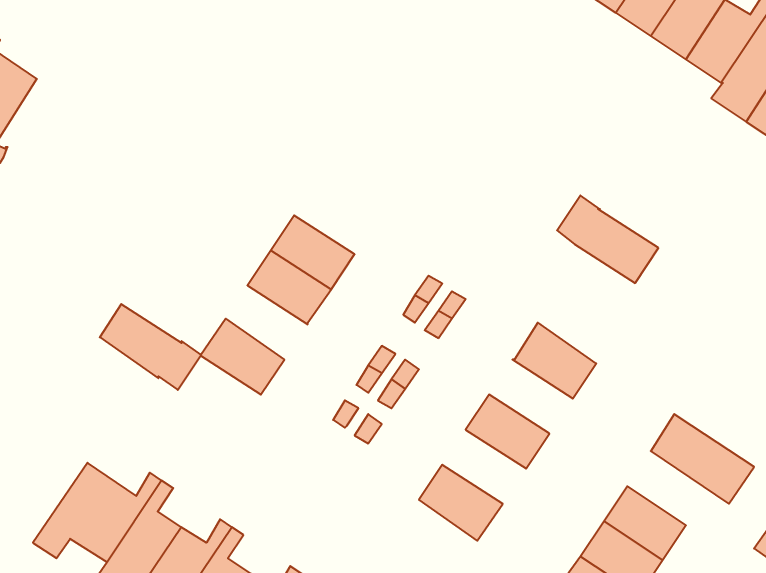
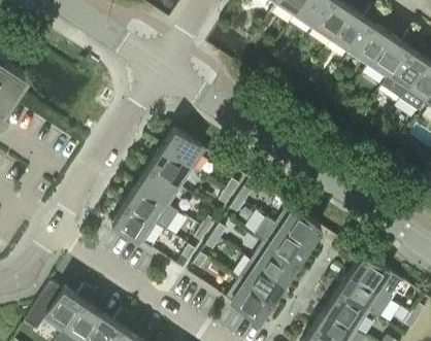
building: none -> [162,131,206,171]
building: [557,195,658,283] -> [256,219,309,266]
building: [100,304,201,390] -> [126,187,179,233]
building: none -> [240,264,285,303]
building: none -> [338,275,392,321]

